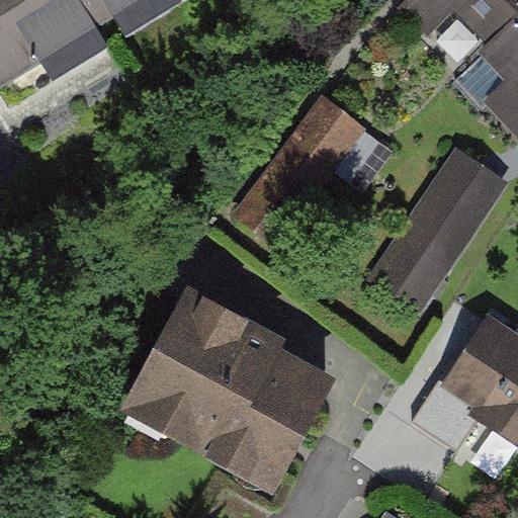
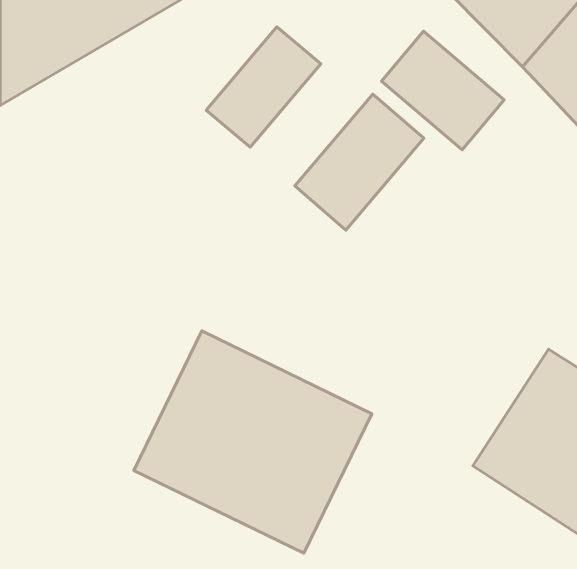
building: none -> [206,27,321,147]
building: none -> [382,31,504,150]
building: [375,136,513,299] -> none

